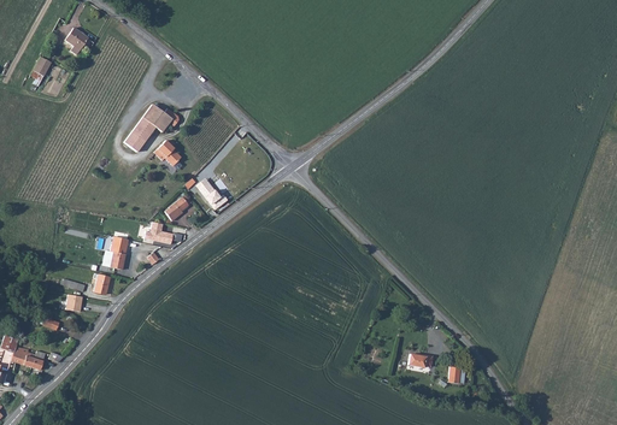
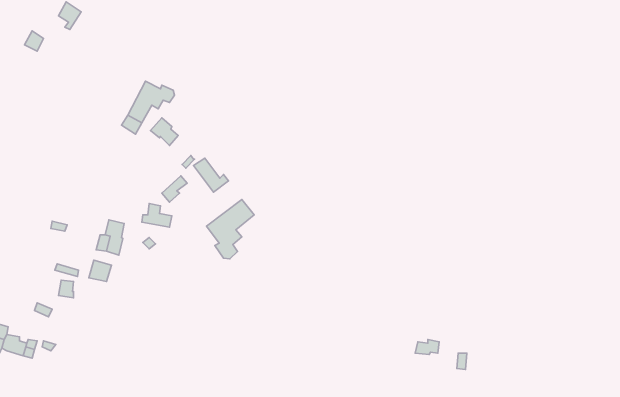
building: none -> [206,199,254,259]

